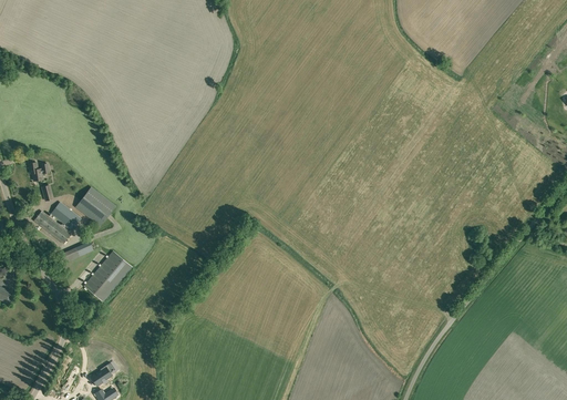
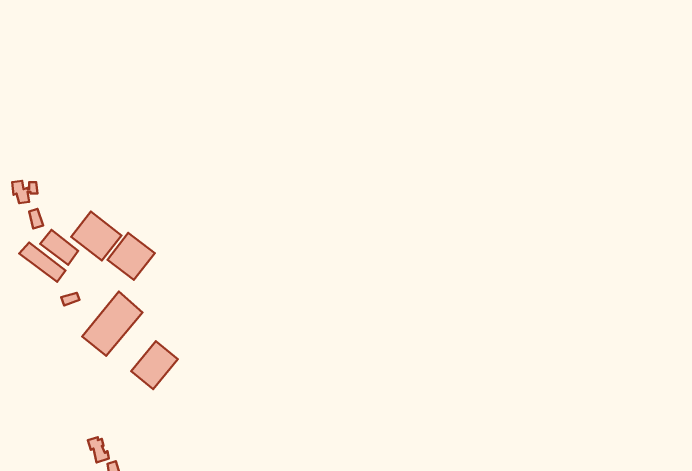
building: none -> [108,233,155,280]
building: none -> [131,341,178,389]

